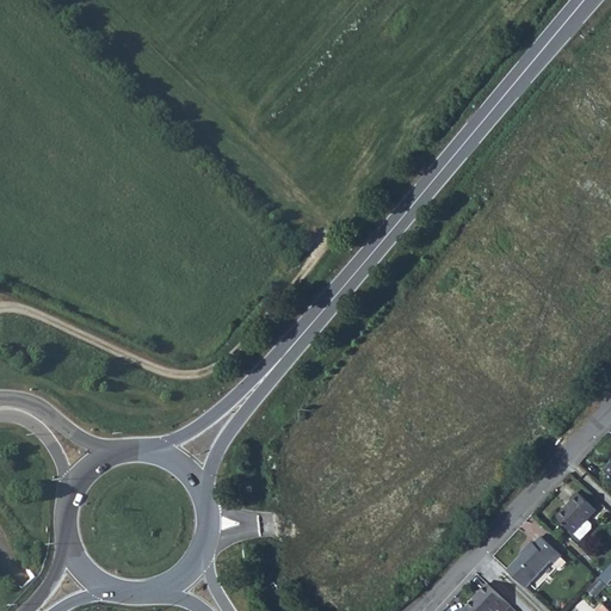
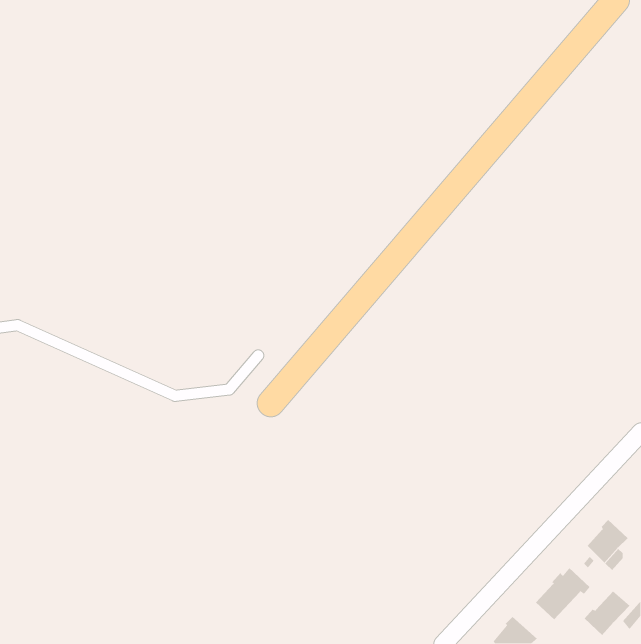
building: none -> [584,591,630,636]

